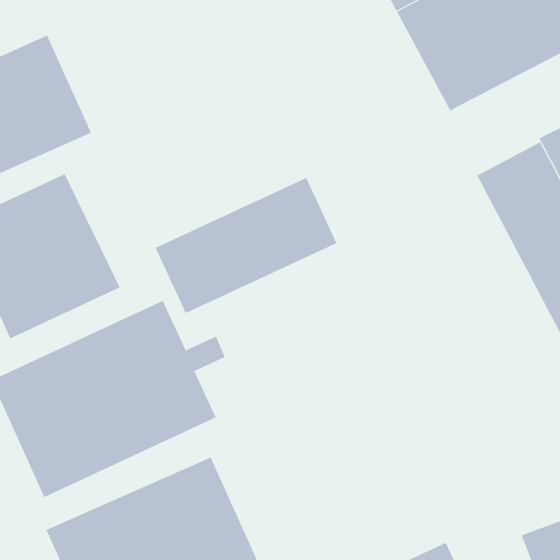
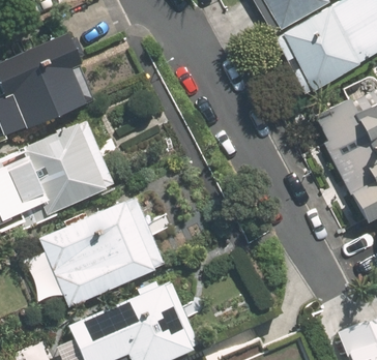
building: [155,177,337,314] -> none

